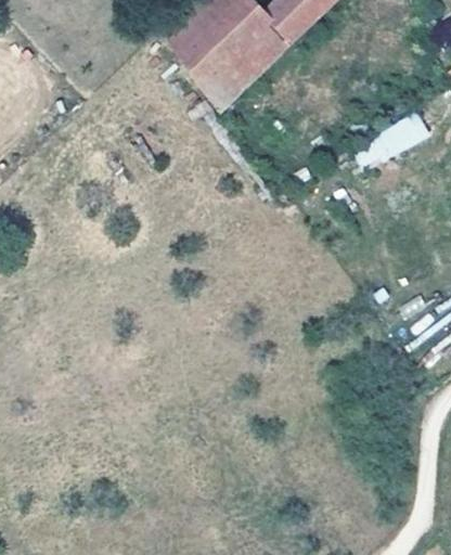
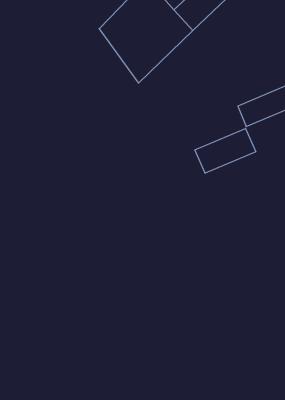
building: none -> [195,128,256,173]

